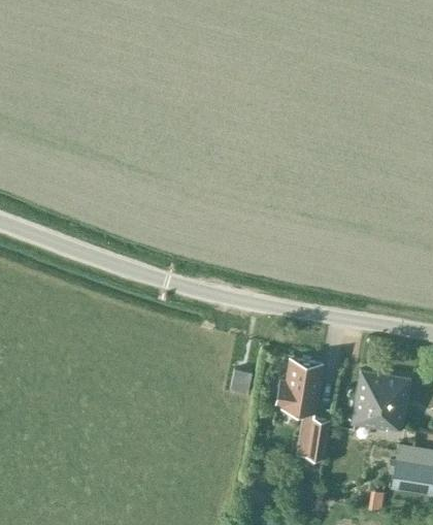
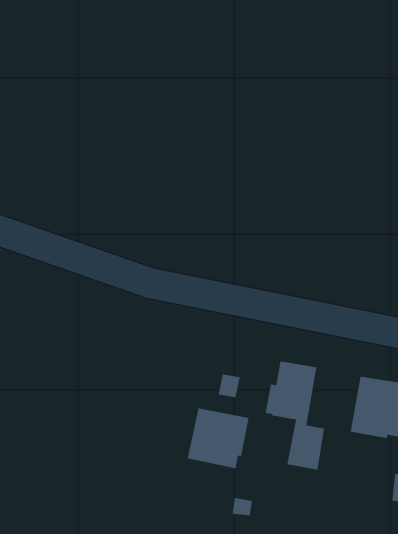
building: none -> [187,408,249,469]

